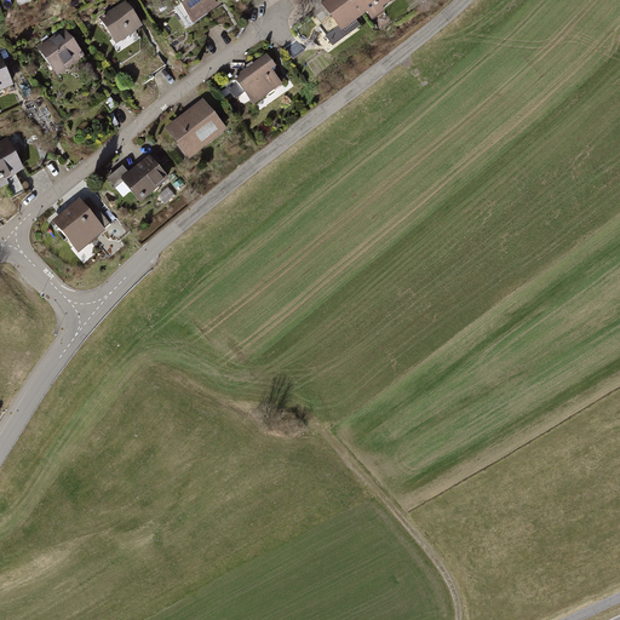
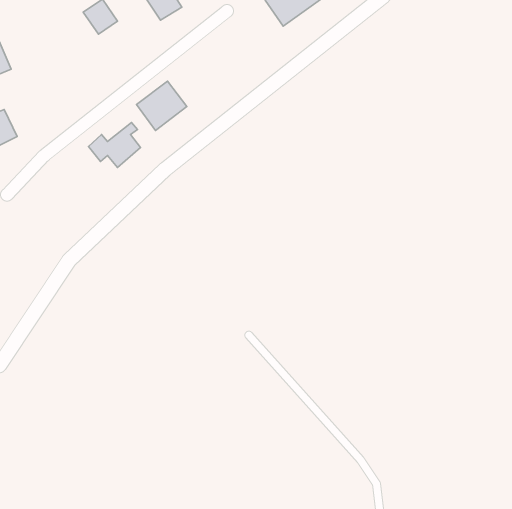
building: [36,24,84,74] -> none
building: [228,53,281,103] -> none
building: [52,197,110,251] -> none

